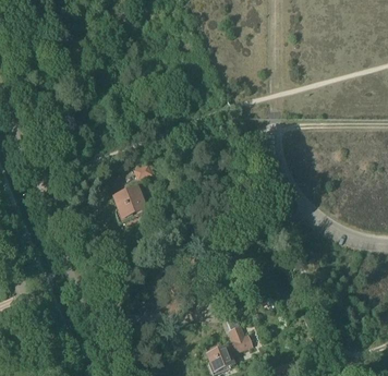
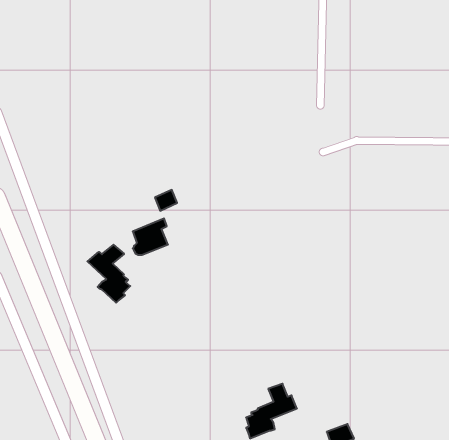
building: none -> [87,245,130,303]

